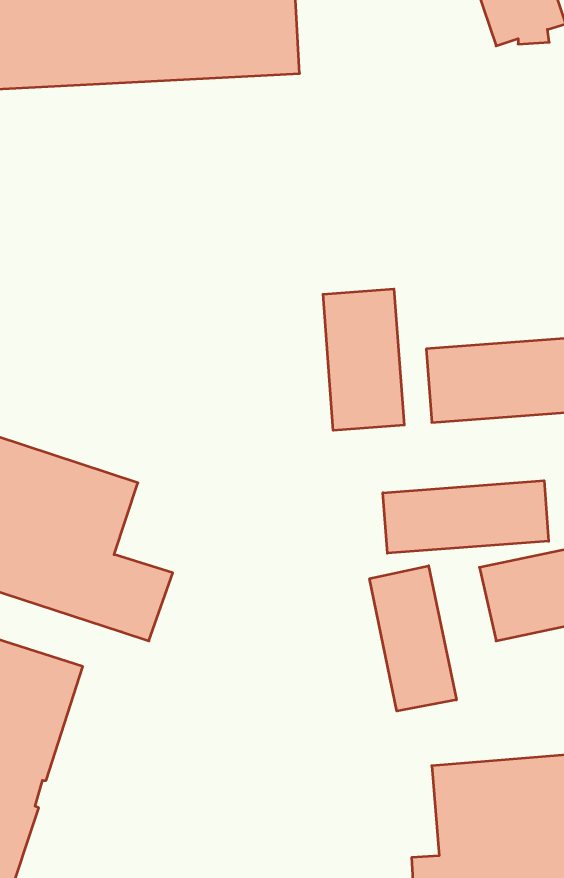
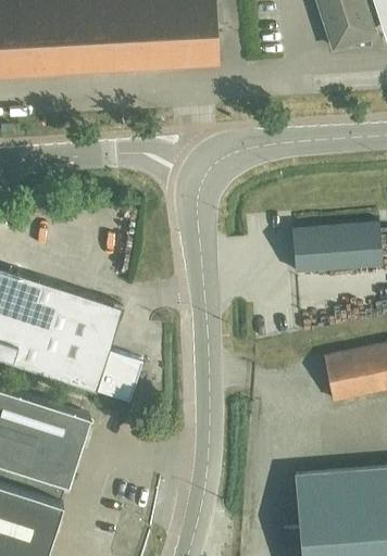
building: [323,289,404,430] -> none
building: [383,481,549,553] -> none
building: [370,566,456,711] -> none

